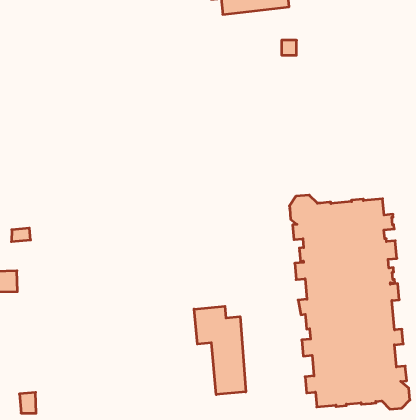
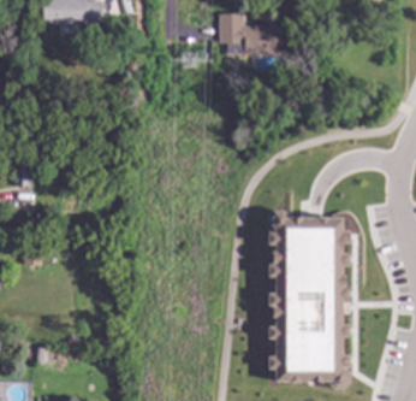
building: [194,306,246,395] -> none

